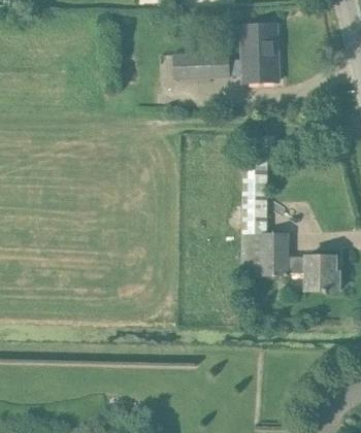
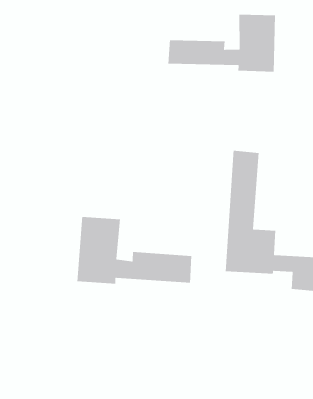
building: none -> [77,216,192,285]

